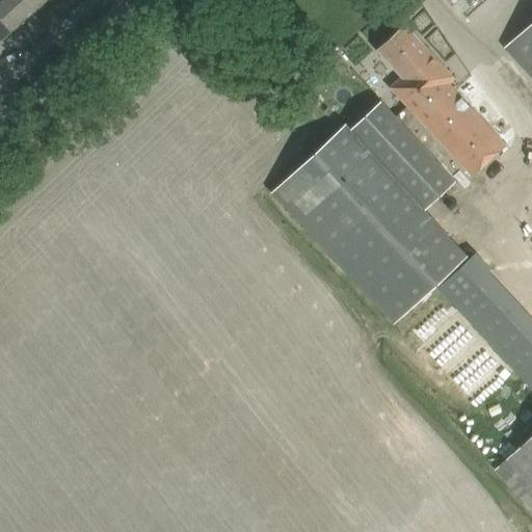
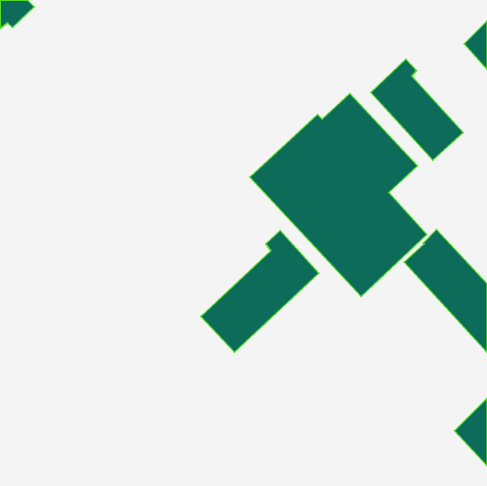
building: [378,26,443,102] -> none
building: none -> [201,230,319,352]

